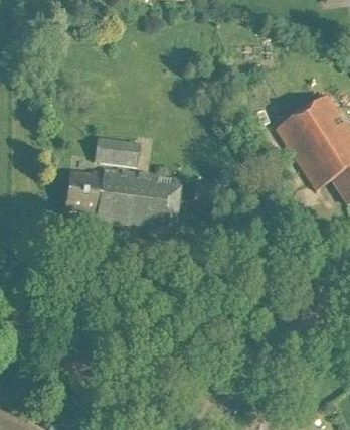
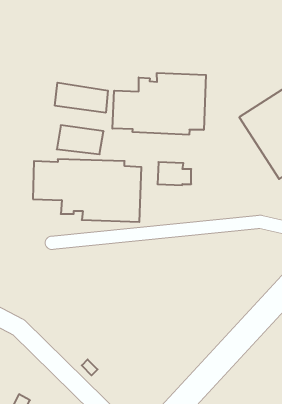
building: none -> [112,73,206,135]
building: none -> [55,83,108,113]

